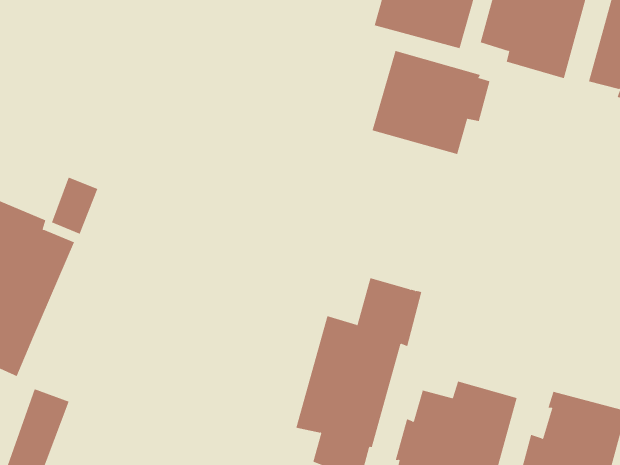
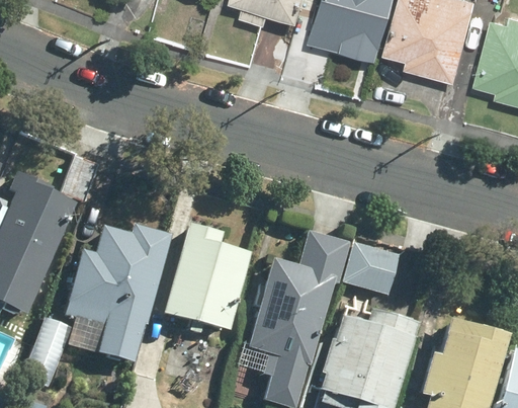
building: [372,50,490,155] -> none
building: none -> [61,227,167,364]
building: none -> [163,227,250,335]
building: none -> [345,242,401,296]

